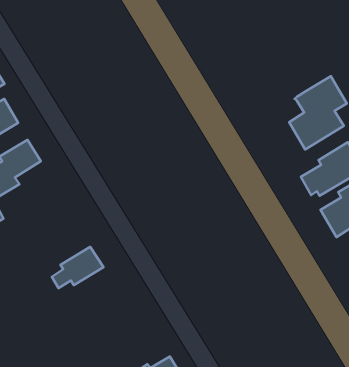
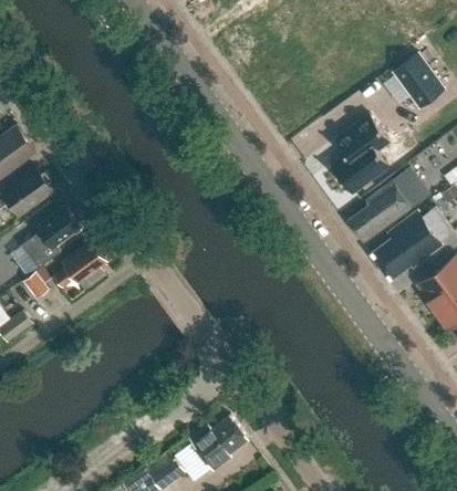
building: [52,247,103,288] -> [55,242,107,288]

